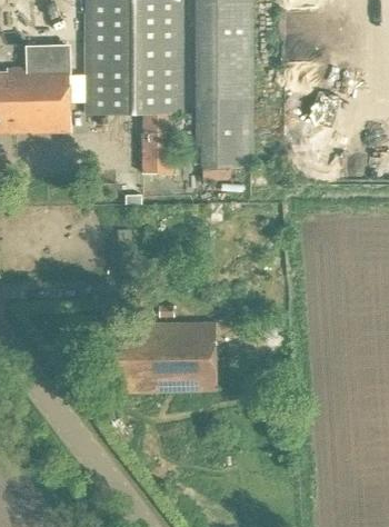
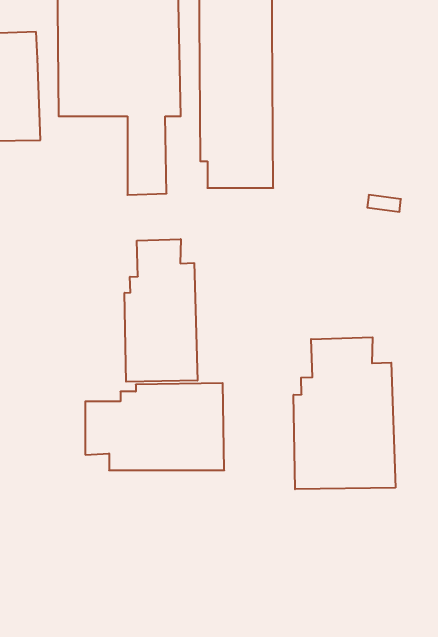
building: none -> [125,239,197,382]
building: none -> [294,337,395,489]

